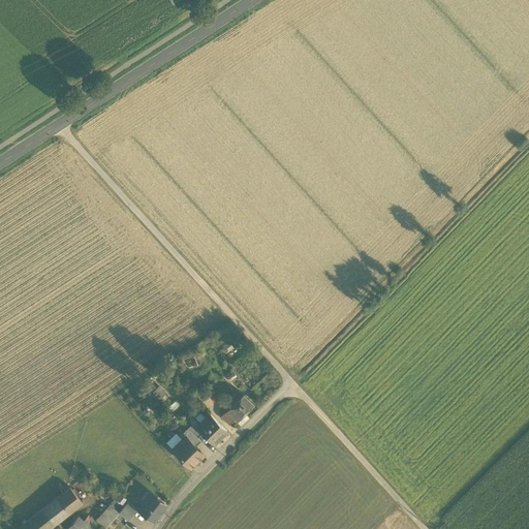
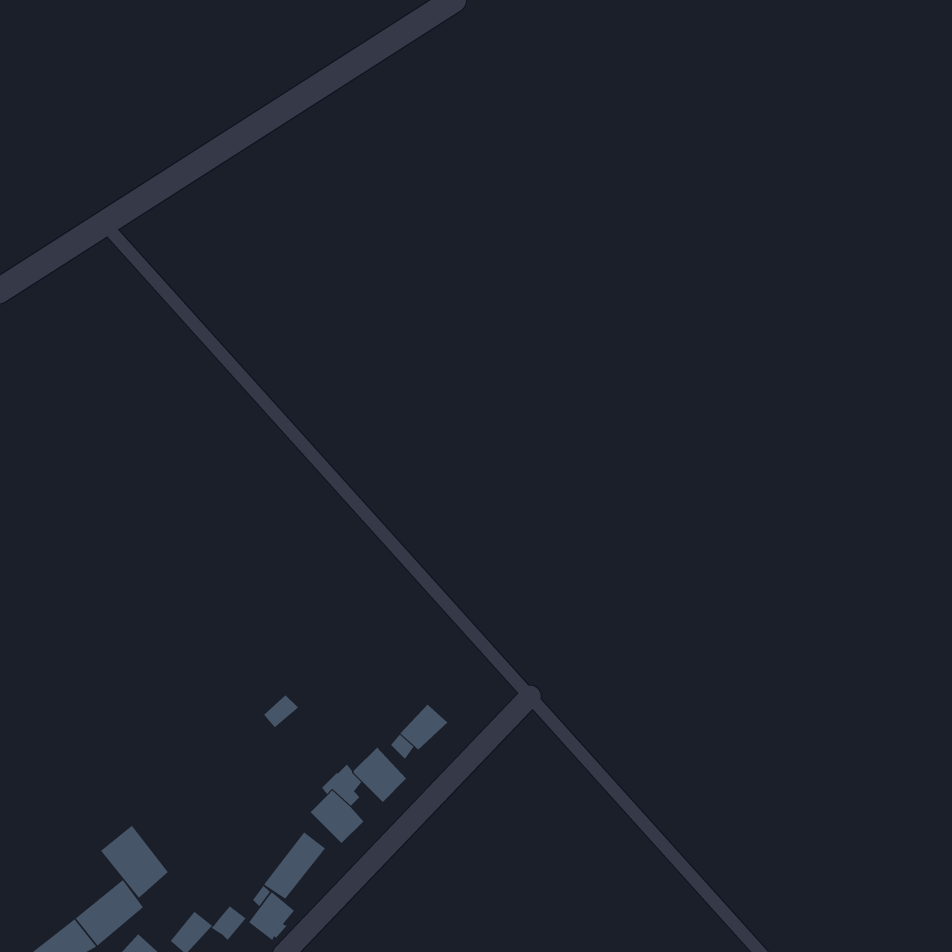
building: none -> [100,825,168,898]
building: none -> [263,832,326,900]

